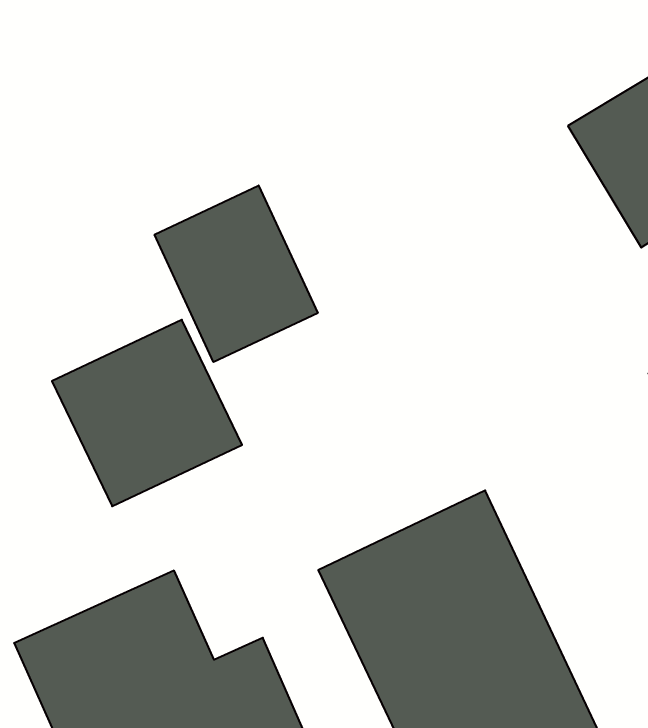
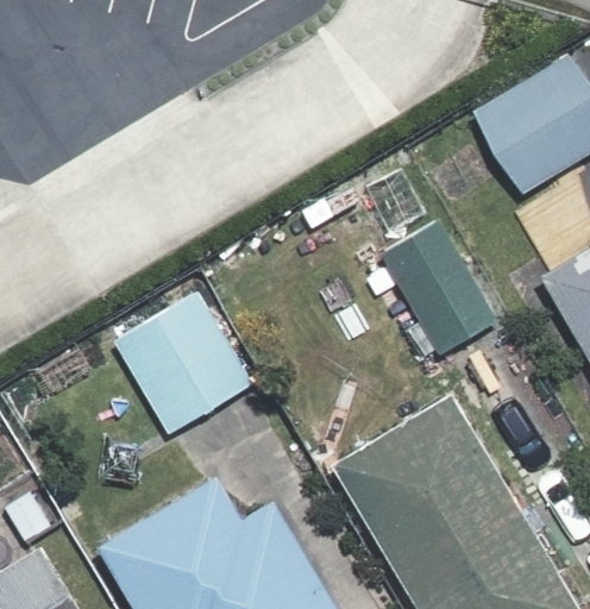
building: [155,185,318,362] -> none
building: none -> [375,212,501,358]

